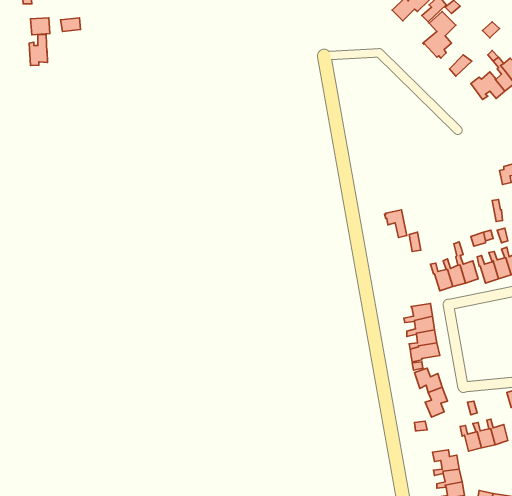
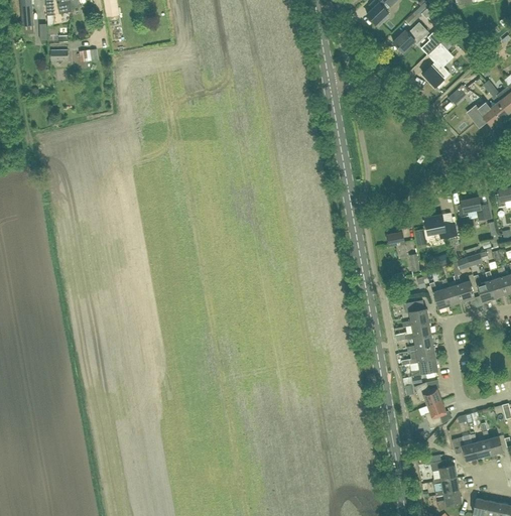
building: [29,34,47,66] -> none
building: none -> [458,198,491,220]
building: none -> [424,214,457,238]
building: none -> [402,300,429,327]

